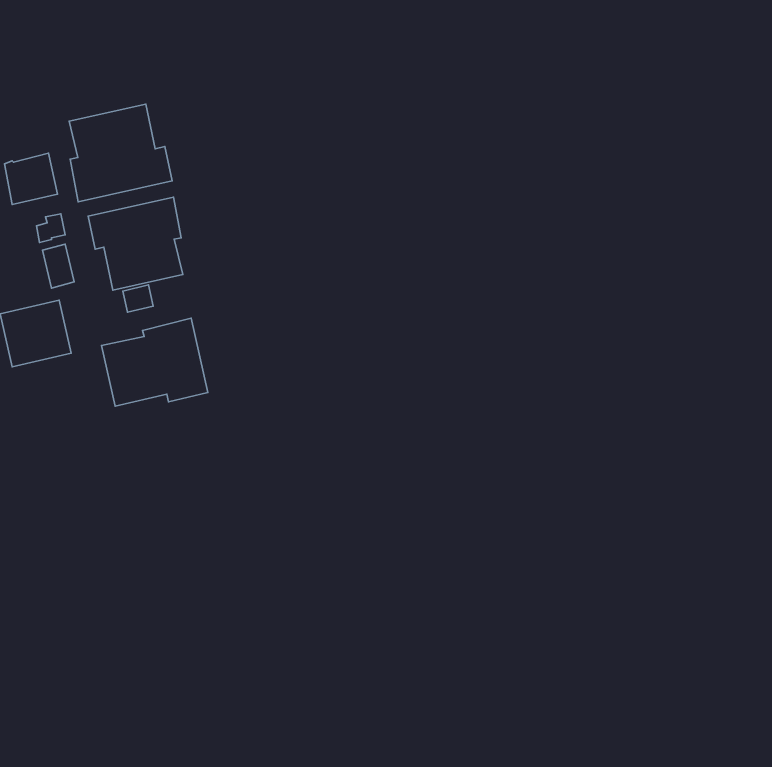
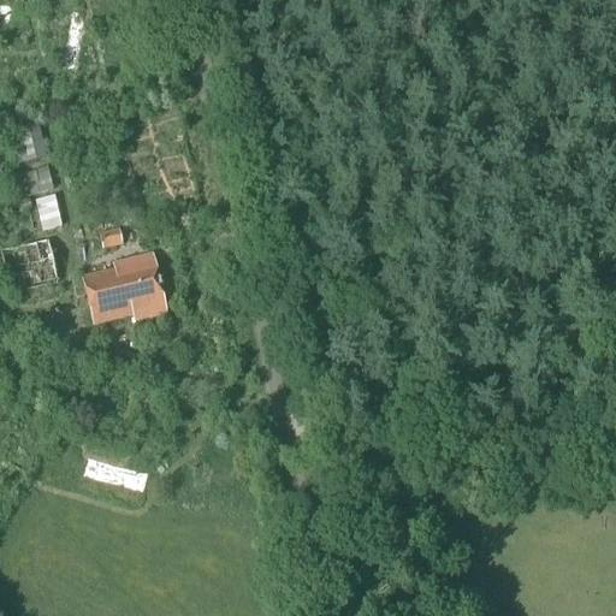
building: [69,104,172,202] -> none
building: [88,197,183,290] -> none

